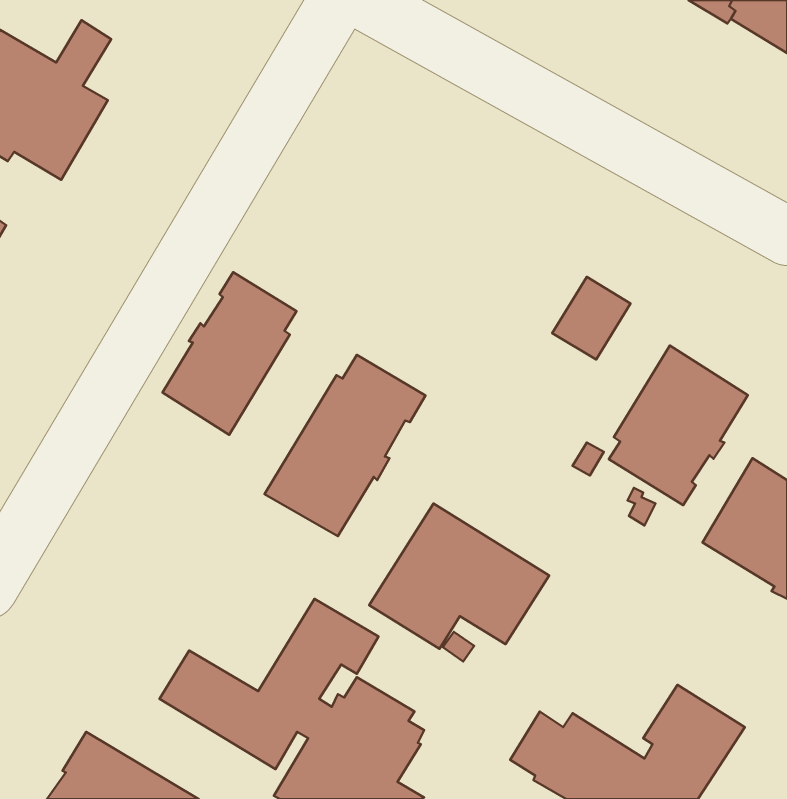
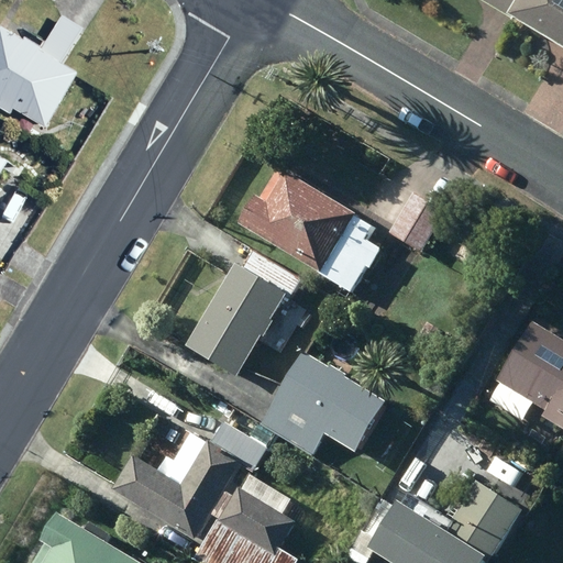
building: none -> [241,169,380,307]
building: [162,272,296,435] -> none
building: [609,346,748,505] -> none

